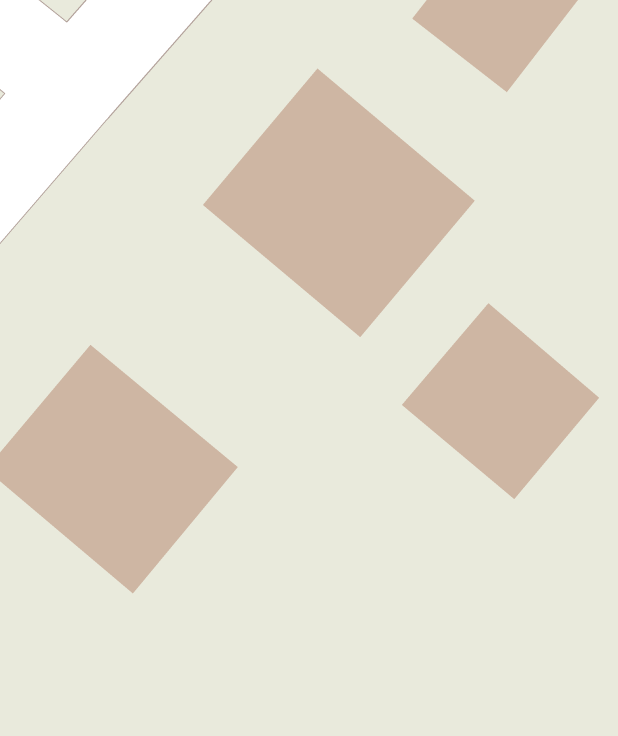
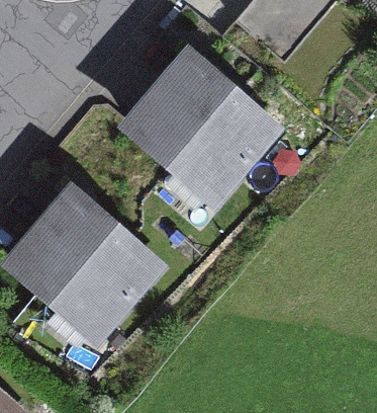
building: [401,302,600,500] -> none

